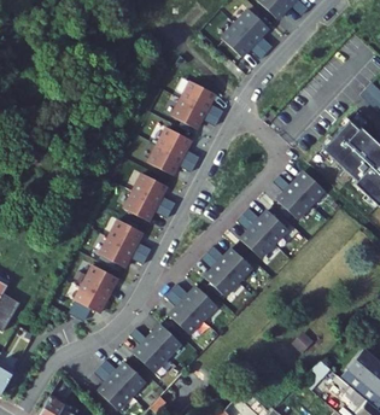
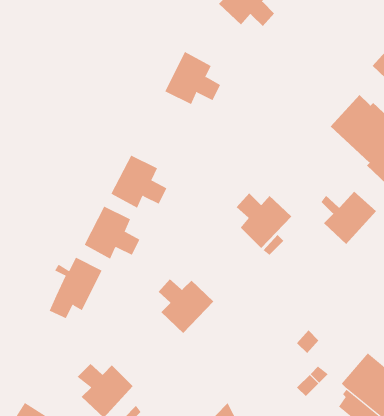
building: [150,127,200,175] -> none
building: [275,171,326,220] -> [320,191,377,245]
building: [203,246,253,297] -> none
building: [131,325,182,373] -> none

